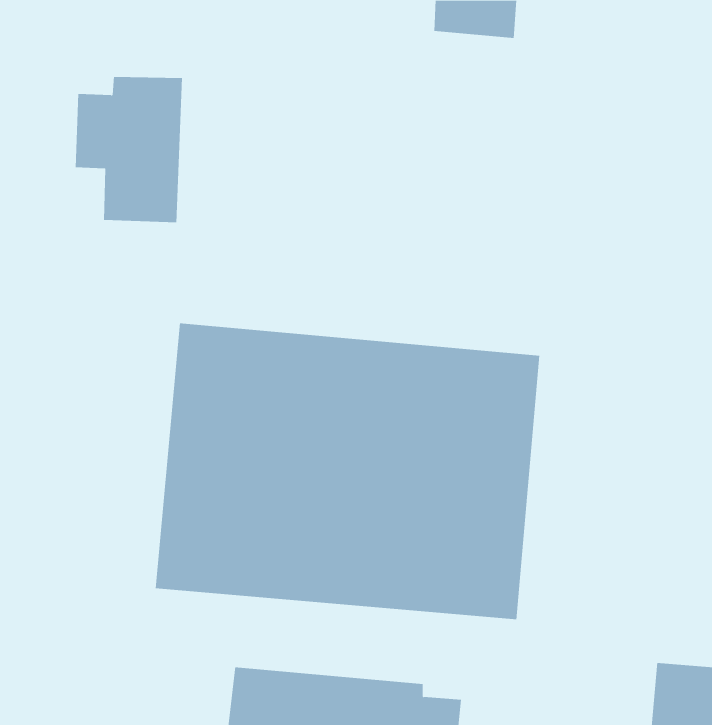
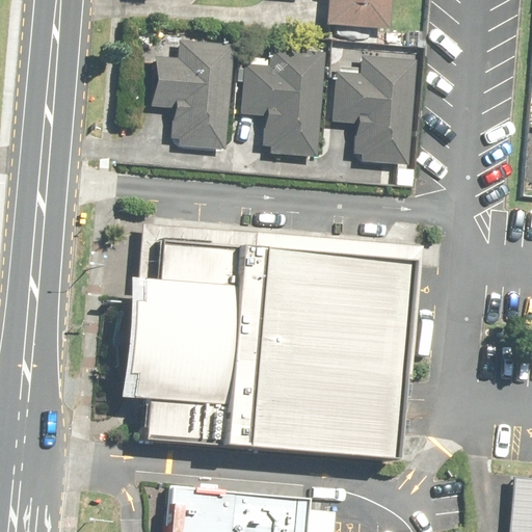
building: none -> [244,51,324,156]
building: [75,77,183,223] -> [153,45,232,152]
building: none -> [332,58,415,169]

